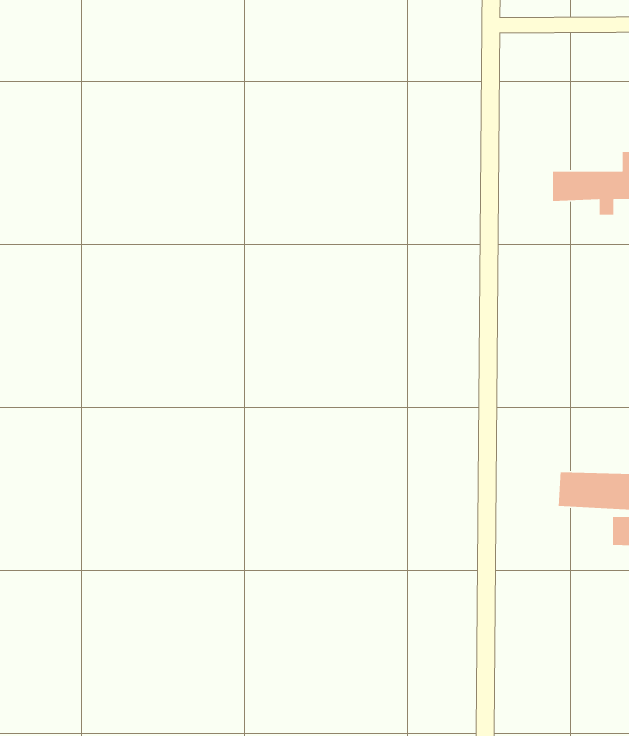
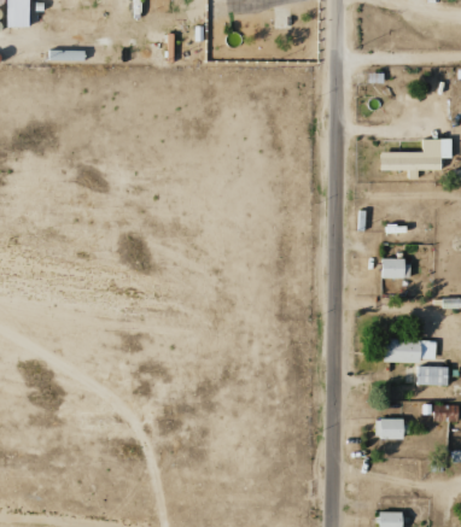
building: none -> [381,259,412,277]
building: none -> [375,418,407,438]

